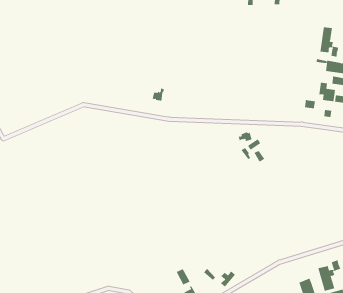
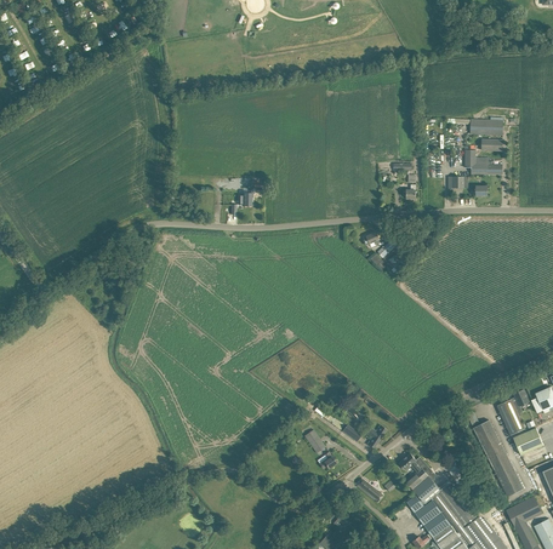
building: [320,27,339,58] -> none

